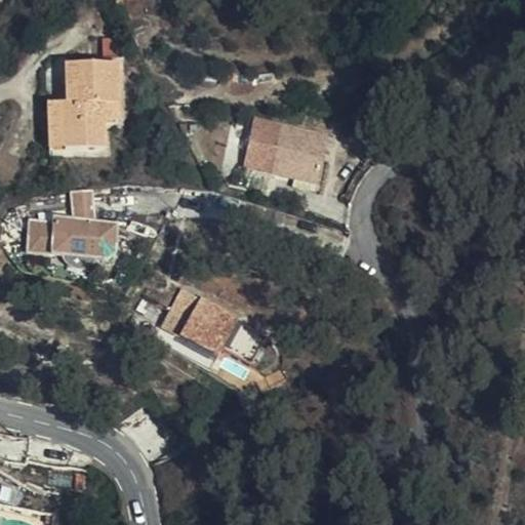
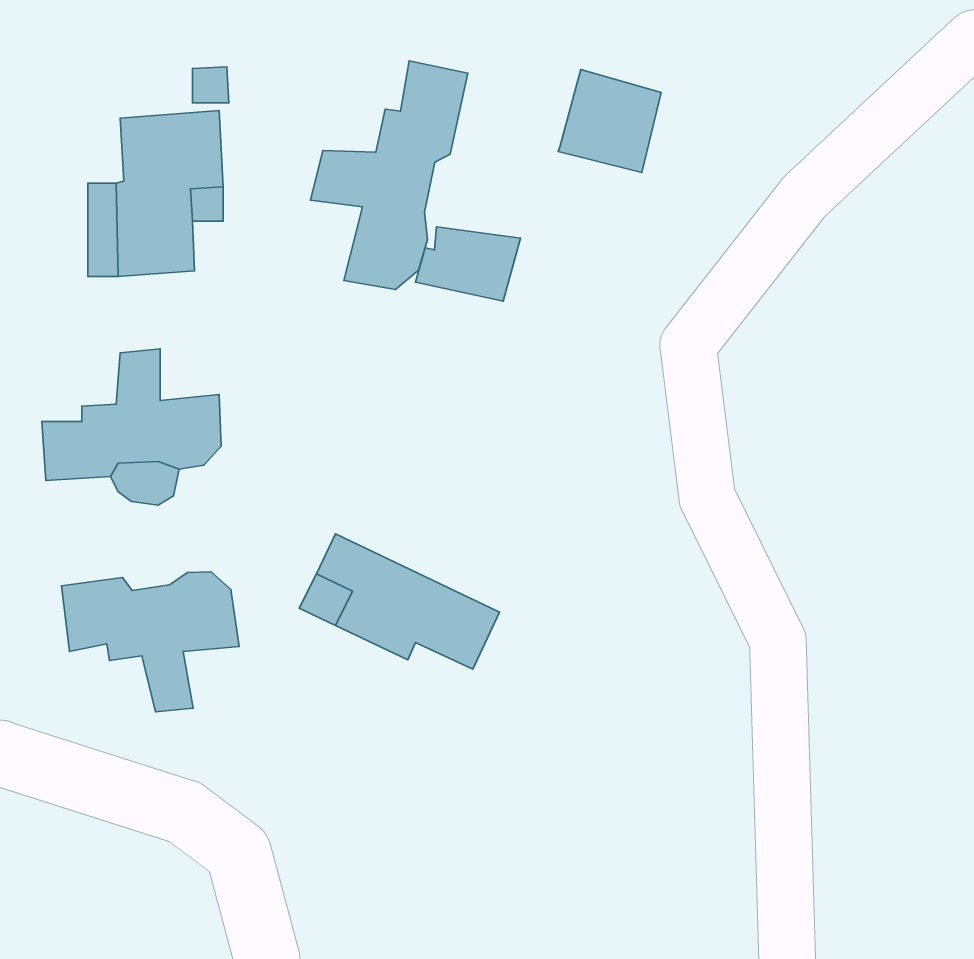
building: none -> [310,61,468,289]
building: [270,121,325,176] -> [558,70,661,173]
building: none -> [62,572,239,712]

